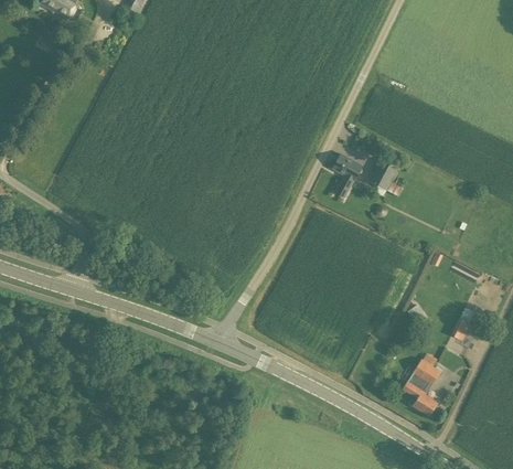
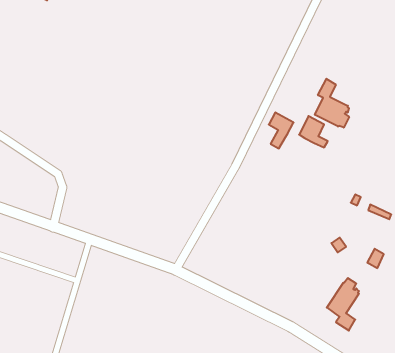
building: none -> [315,79,349,128]

